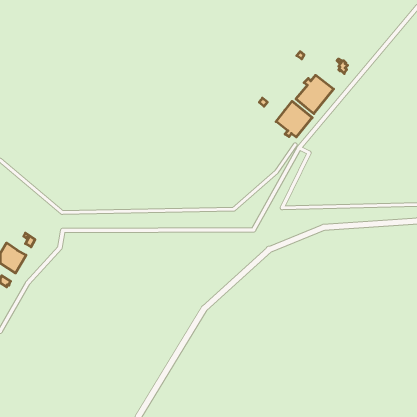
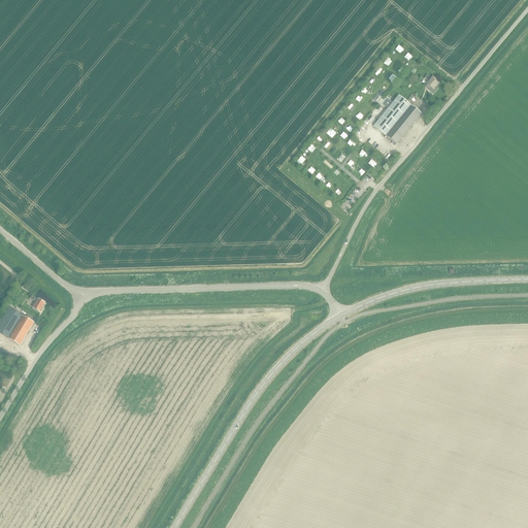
building: [276,101,312,137] -> none

